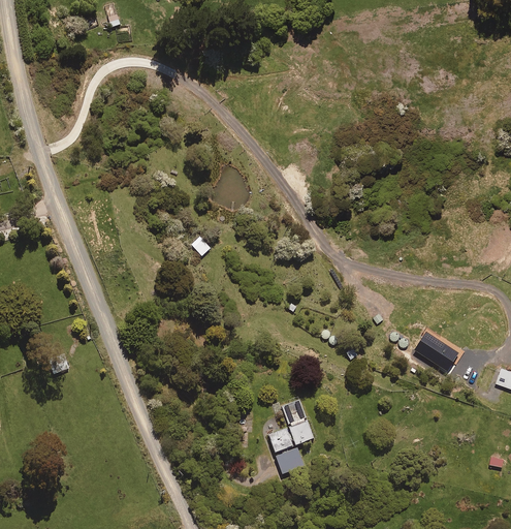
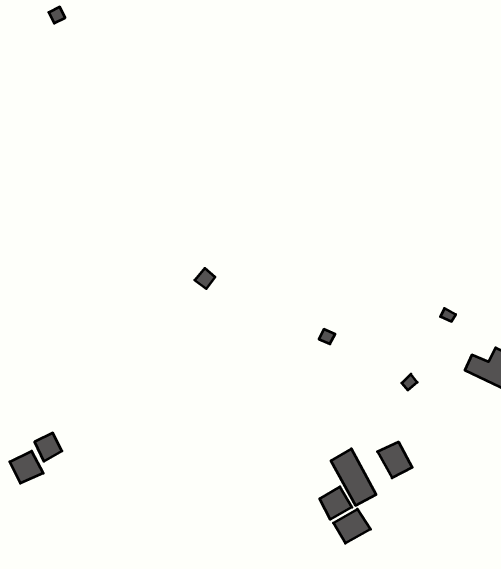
building: none -> [10,451,43,483]
building: none -> [377,442,412,478]

